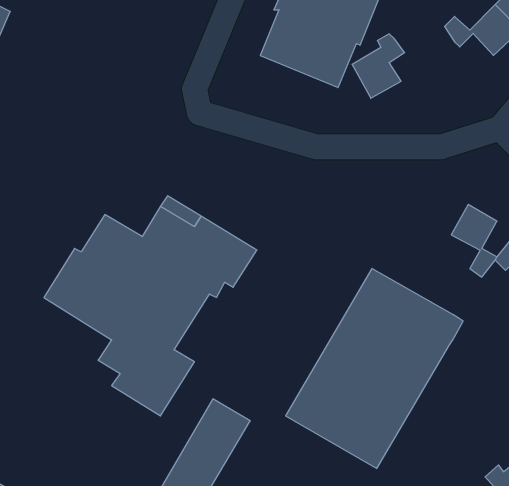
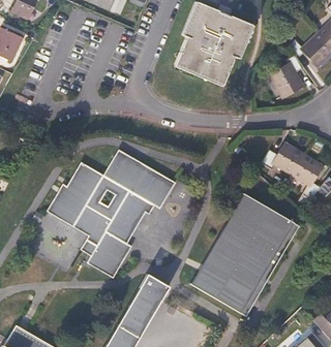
building: [352,34,405,98] -> [271,56,303,95]
building: none -> [261,145,302,174]

